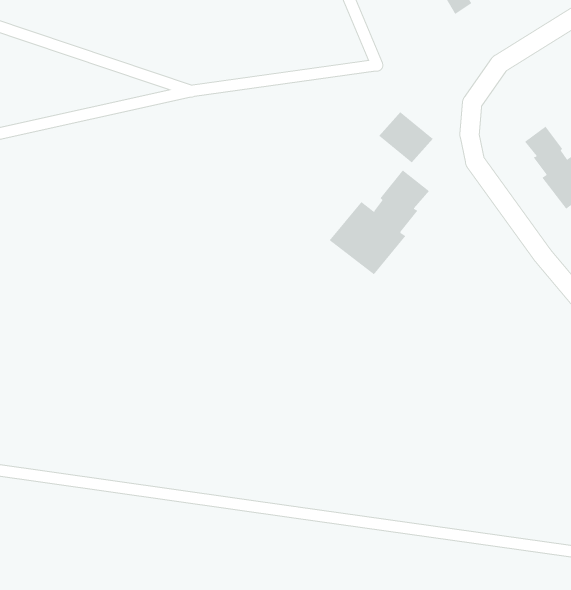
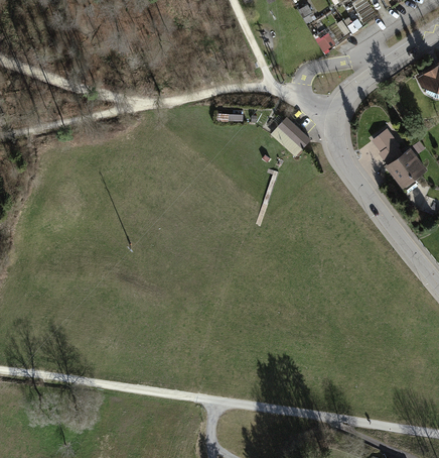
building: [329,170,430,275] -> none

